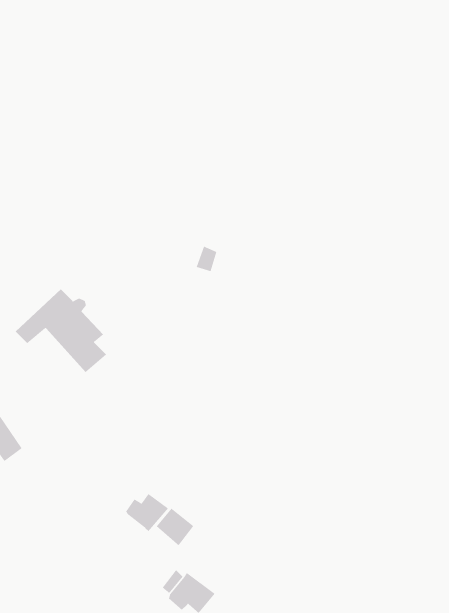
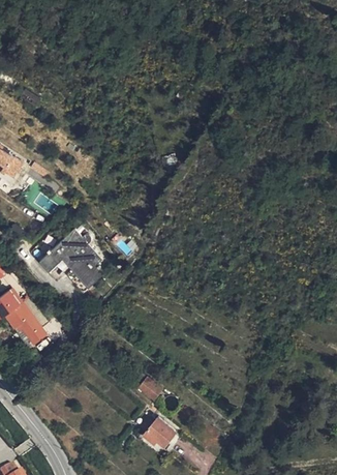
building: [125,493,169,532] -> none

